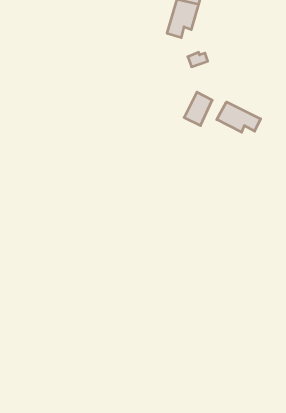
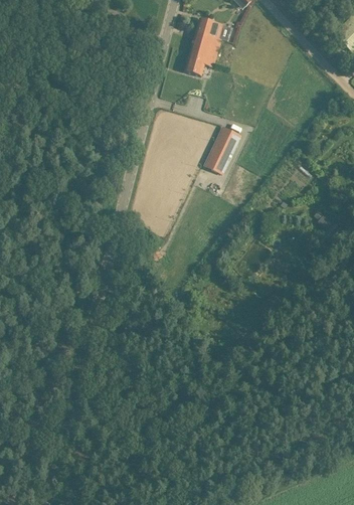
building: [217,102,261,132] -> none

